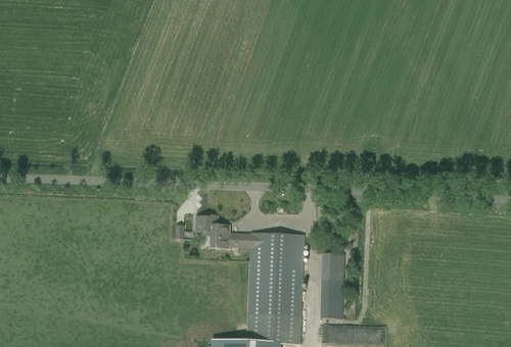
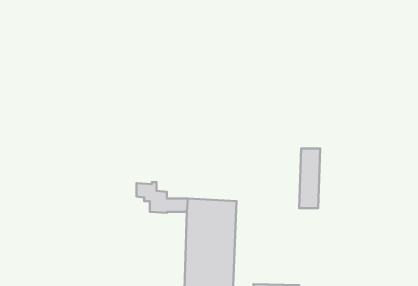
building: [321,254,343,318] -> [299,148,320,208]

